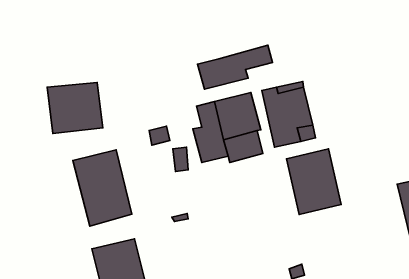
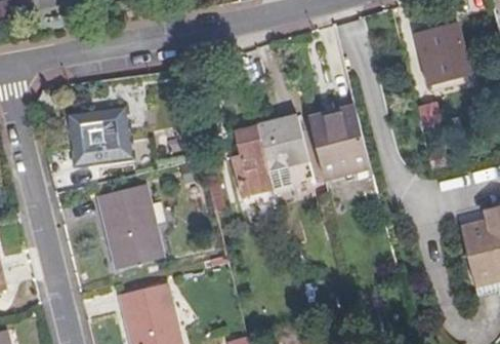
building: none -> [414,24,467,85]
building: [198,45,272,89] -> none
building: [287,149,341,215] -> none

